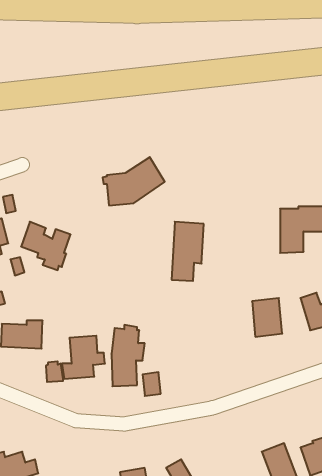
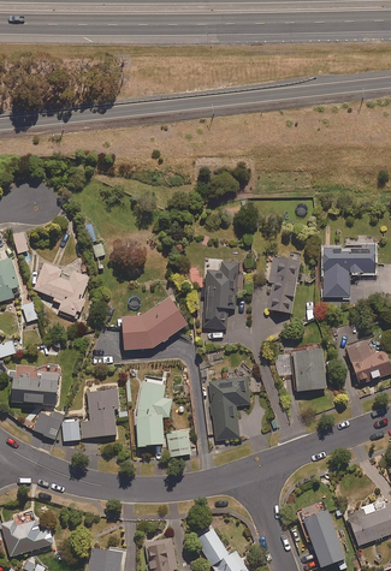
building: [103,157,165,205] -> [117,296,186,350]
building: none -> [266,252,302,314]
building: none -> [206,377,249,439]
building: none -> [32,410,64,439]

